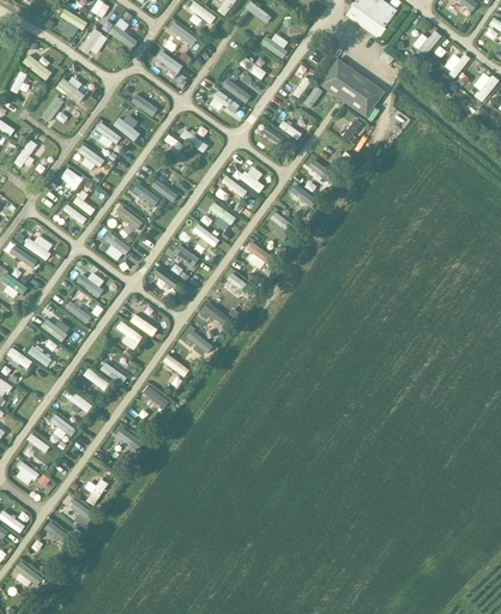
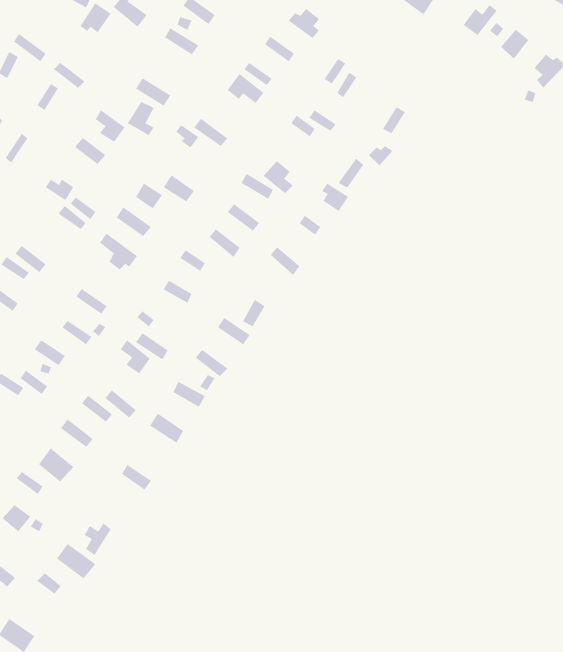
building: [319,59,385,118] -> none

